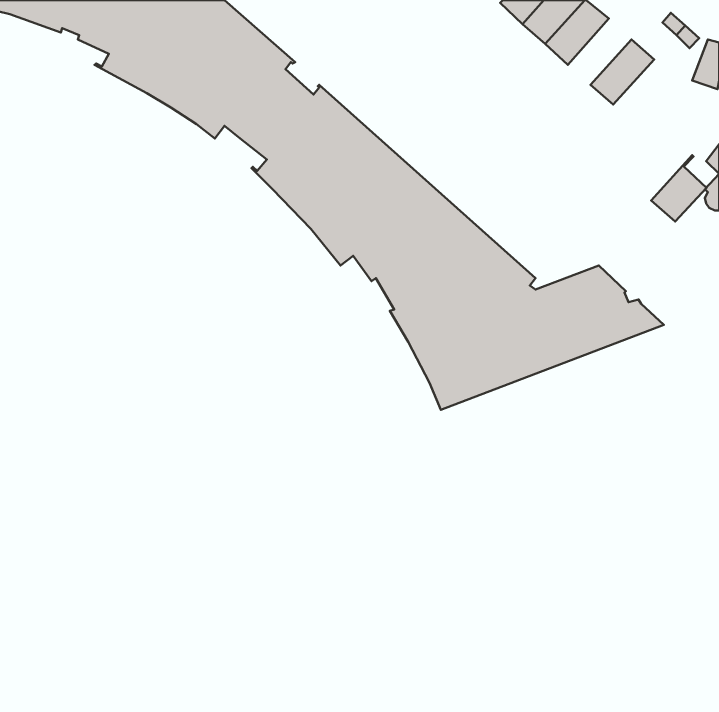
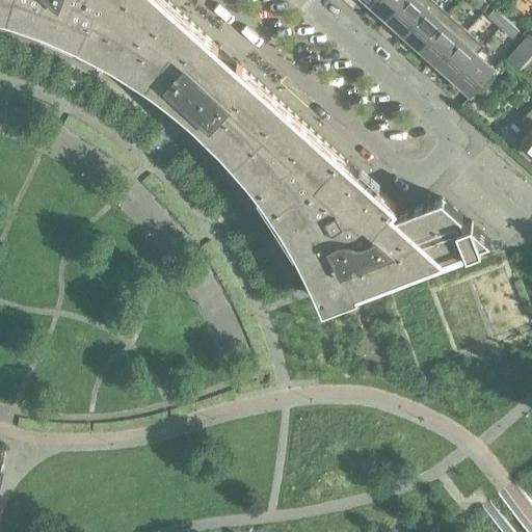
building: none -> [418,21,464,70]
building: [651,155,706,222] -> [451,51,491,100]

